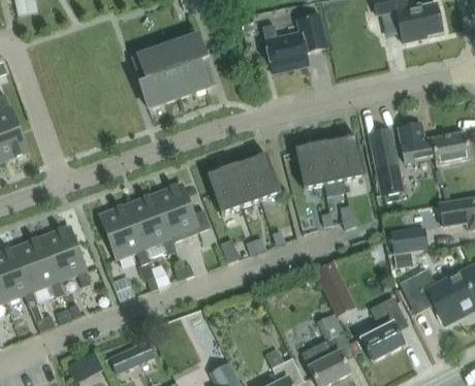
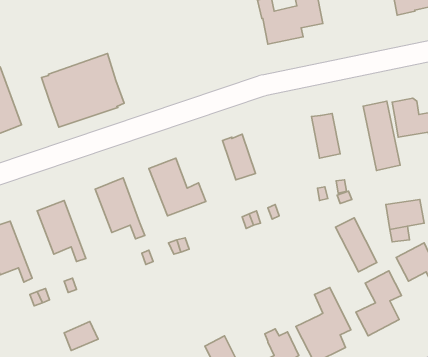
building: [131,34,214,107] -> [41,54,124,127]
building: [337,134,365,180] -> none
building: [295,142,324,188] -> none
building: [247,153,280,199] -> none
building: [208,166,241,213] -> none
building: [128,194,177,254] -> none
building: [15,236,64,297] -> none
building: [314,261,355,315] -> [336,218,377,272]
building: [108,340,156,372] -> none

